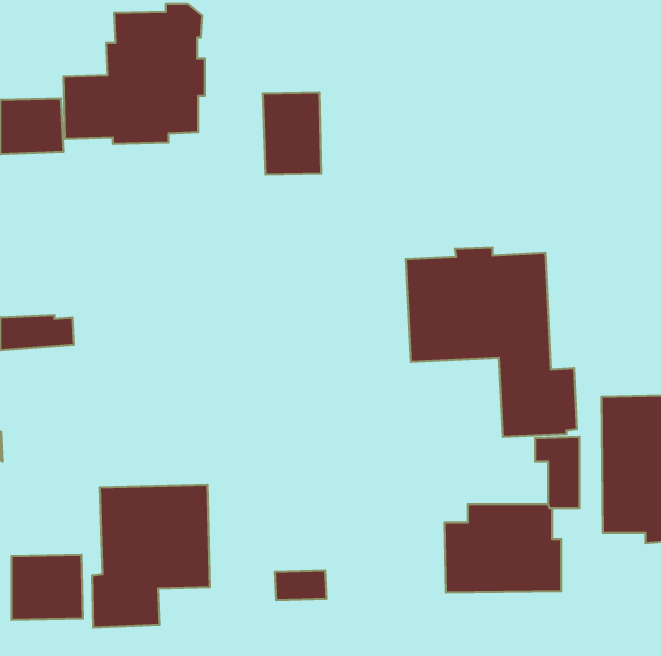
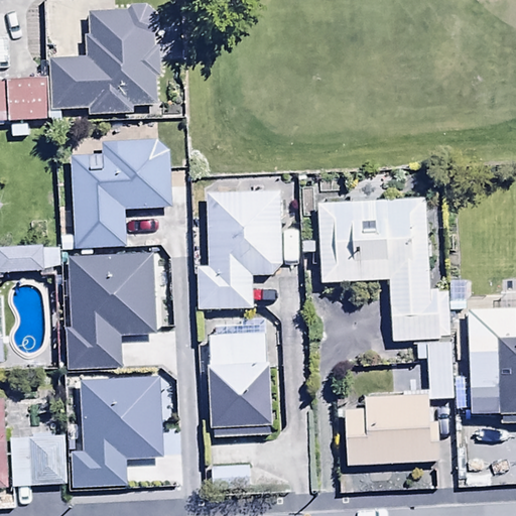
building: [263,92,321,175] -> none
building: none -> [60,139,172,248]
building: none -> [198,189,281,307]
building: none -> [68,252,166,367]
building: none -> [208,333,274,436]

